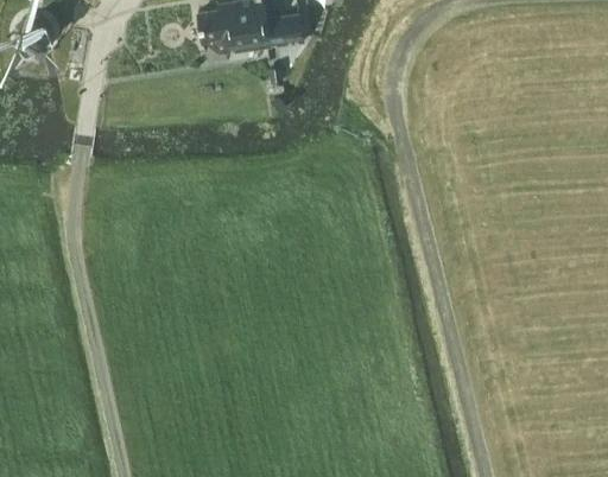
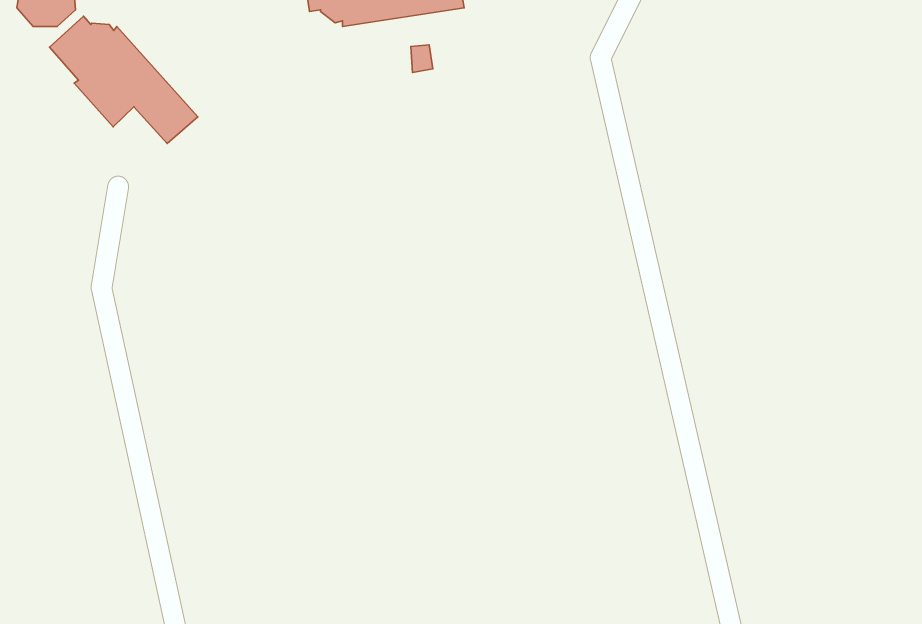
building: none -> [49,16,198,144]

